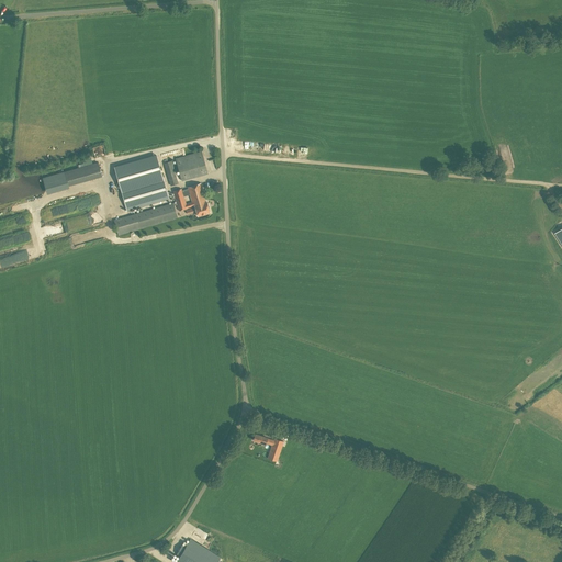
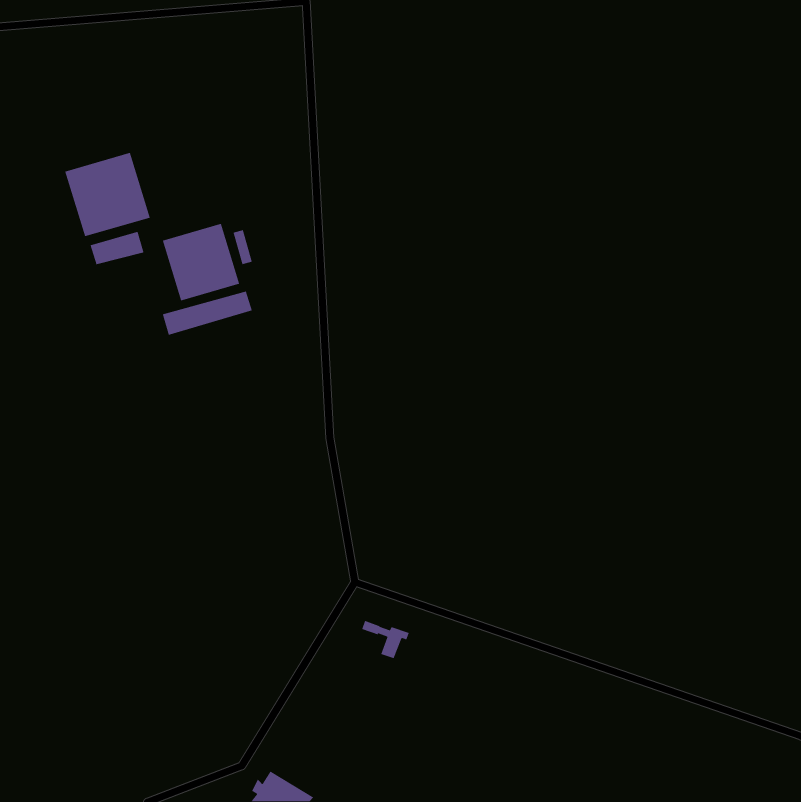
building: none -> [64,152,151,237]
building: [175,151,206,179] -> none
building: [171,183,209,216] -> none

